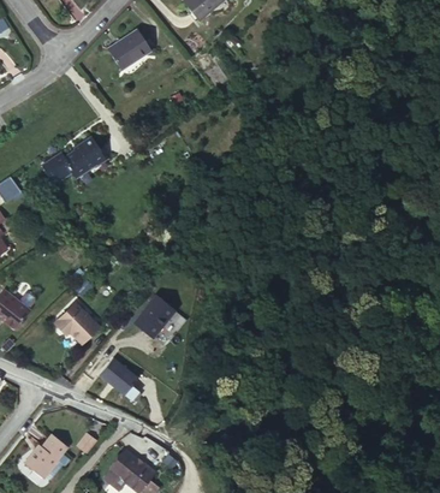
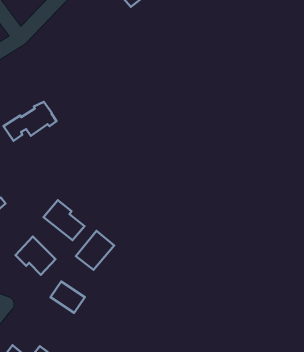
building: [108,29,151,69] -> none
building: none -> [44,200,85,240]

